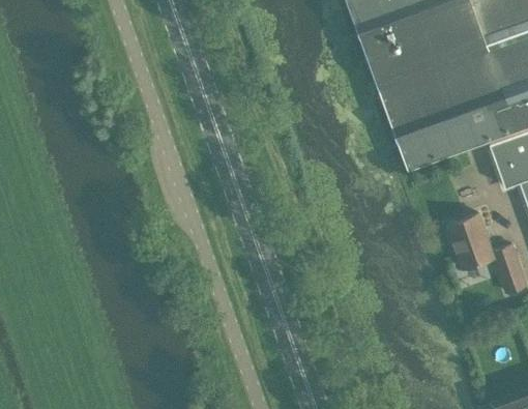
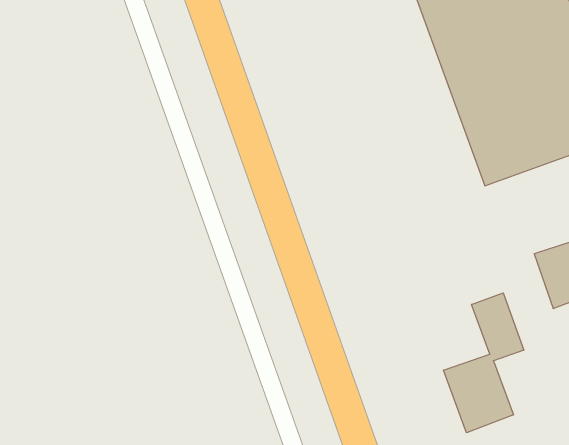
building: none -> [443,293,524,433]

